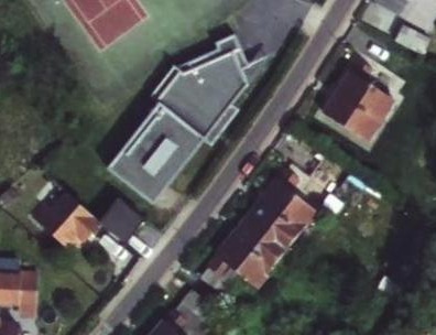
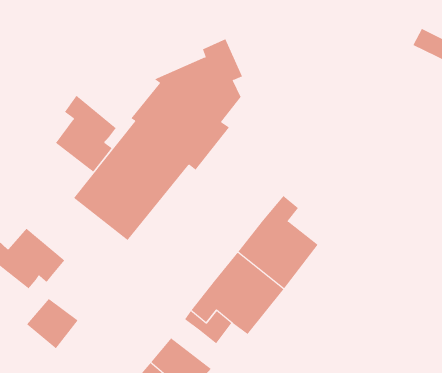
building: [321,57,391,139] -> none
building: none -> [55,95,116,173]
building: [100,201,144,244] -> [26,298,78,349]

